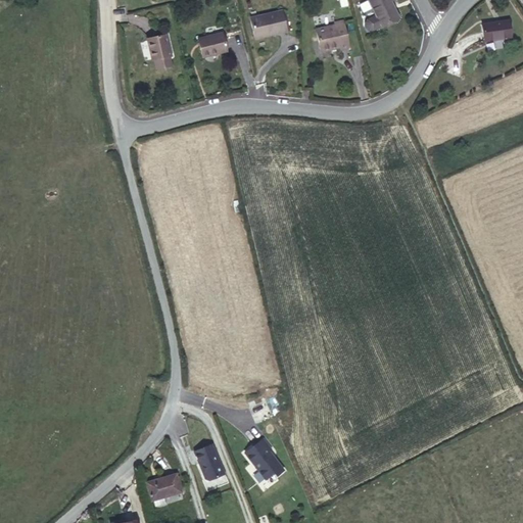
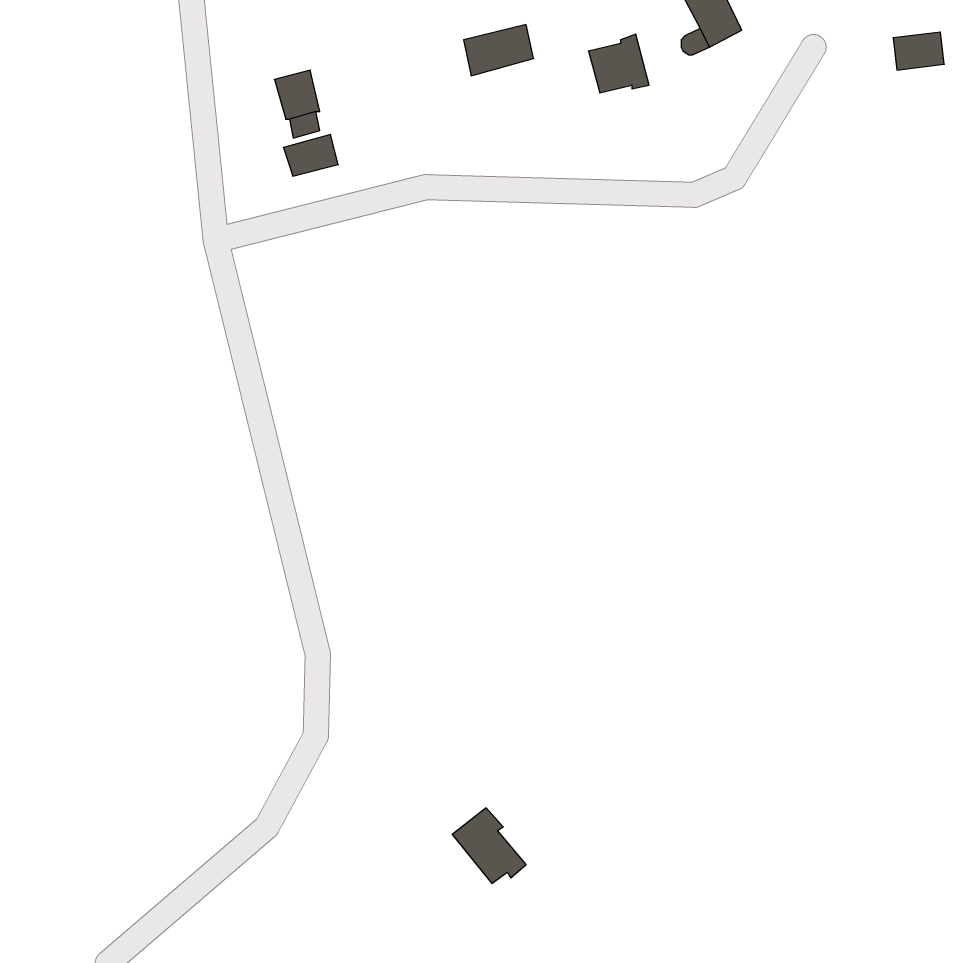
building: [199,35,229,57] -> [283,134,338,176]
building: [194,441,225,478] -> none
building: [140,477,179,505] -> none

